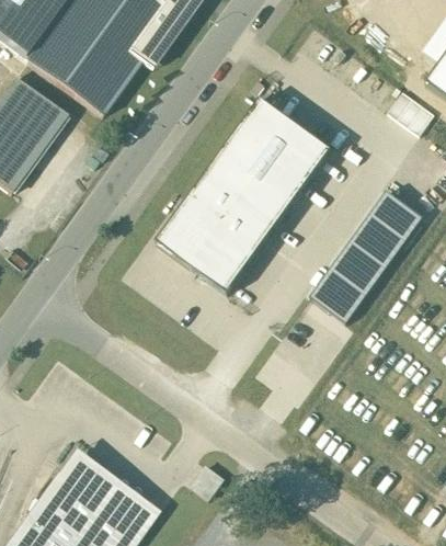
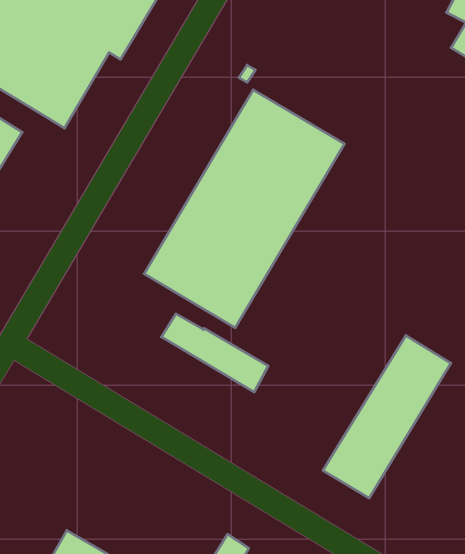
building: [308,187,422,319] -> [323,335,451,498]
building: none -> [161,314,268,392]

